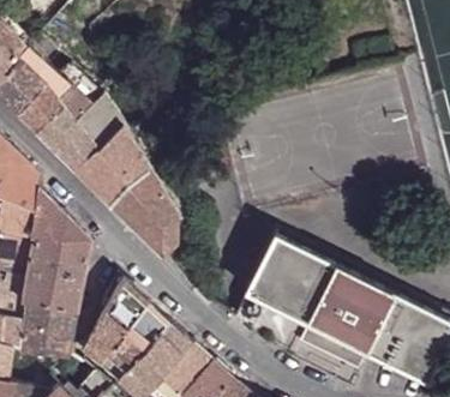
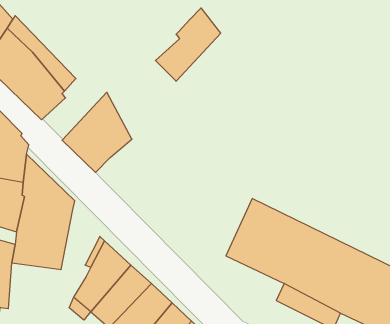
building: [55,98,124,175] -> [155,8,221,81]
building: [112,174,179,259] -> none
building: [20,303,76,359] -> none

